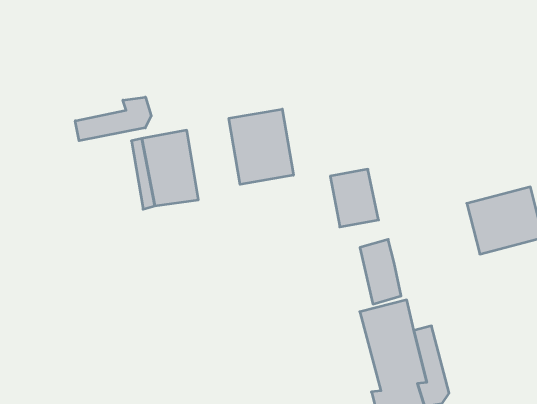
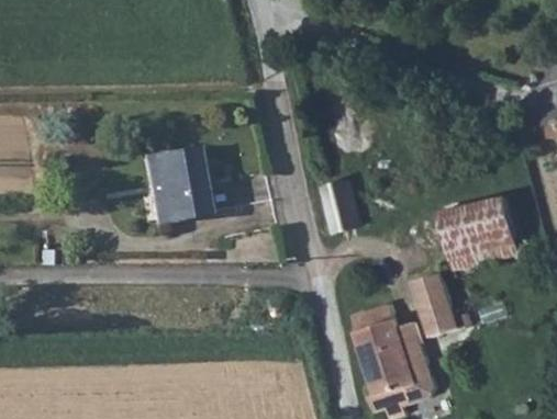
building: [75,97,151,141] -> none
building: [229,109,293,184] -> none
building: [360,239,401,304] -> [420,264,458,325]

